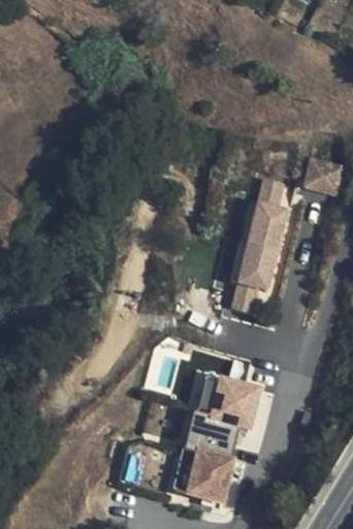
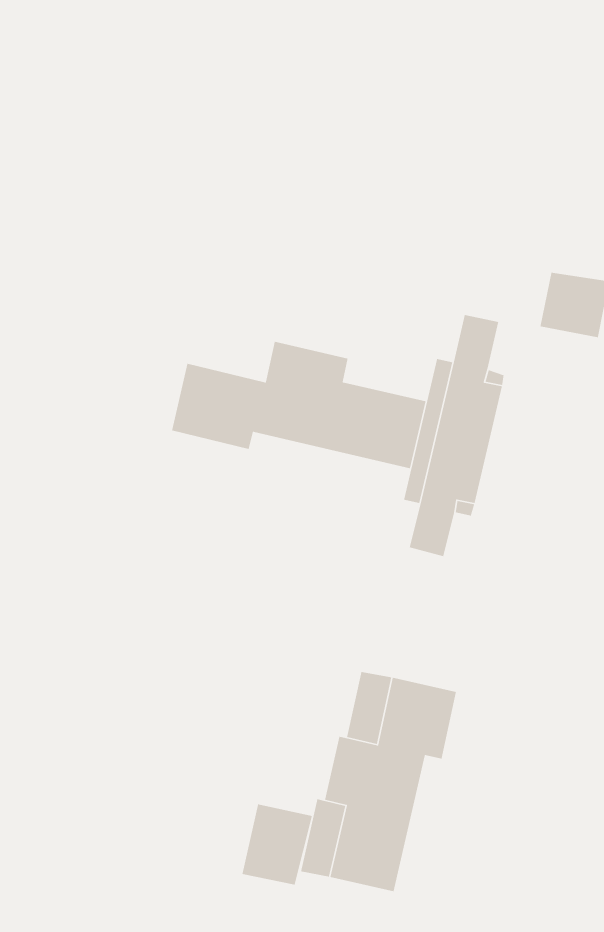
building: none -> [171,341,427,469]
building: none -> [242,804,313,886]

